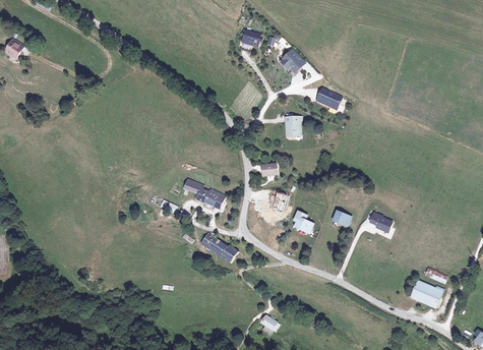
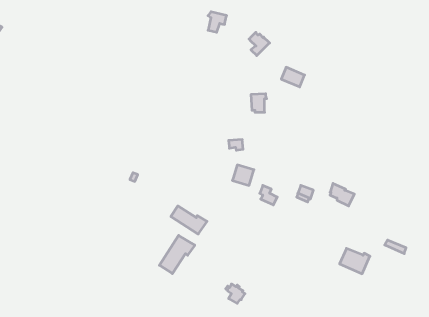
building: [188,180,225,210] -> none
building: none -> [159,235,195,274]
building: [411,281,442,307] -> [340,248,370,274]

